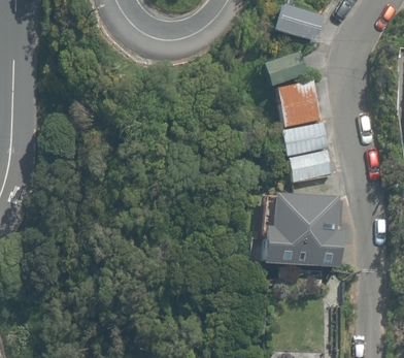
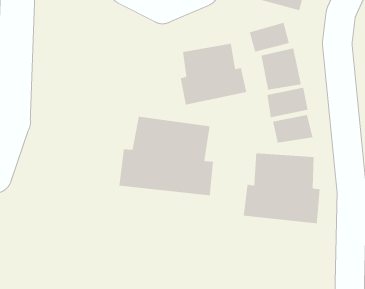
building: none -> [180,43,247,106]
building: none -> [118,116,214,196]

